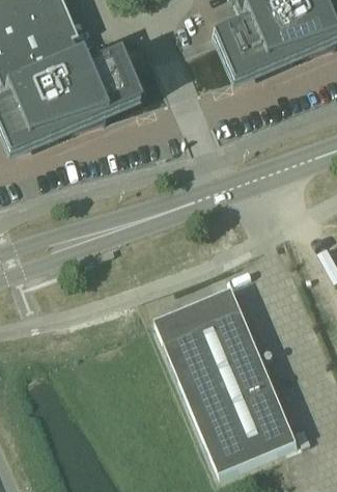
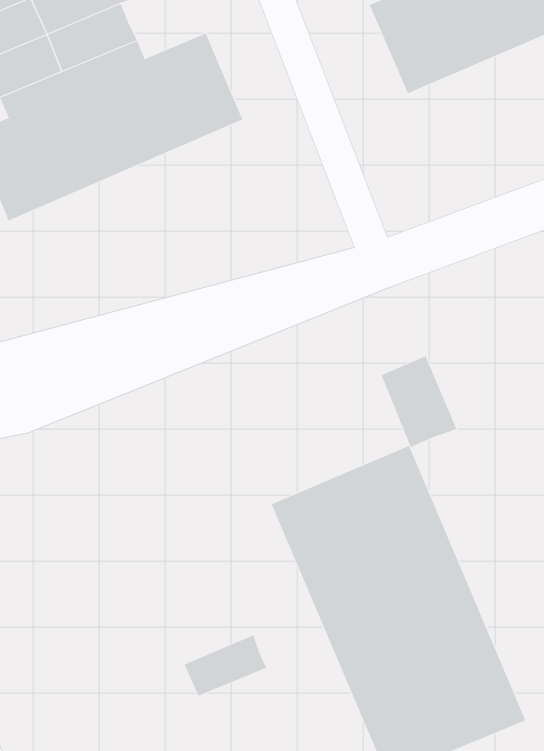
building: none -> [381,355,457,448]
building: none -> [184,635,267,697]

